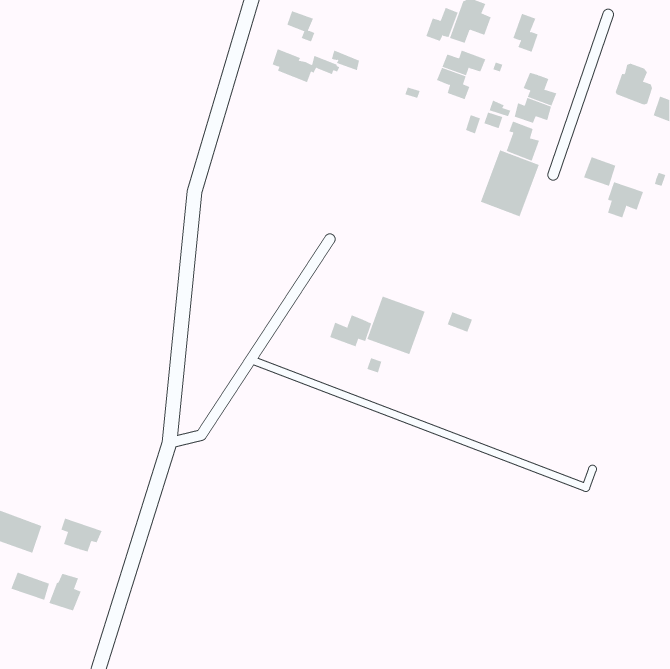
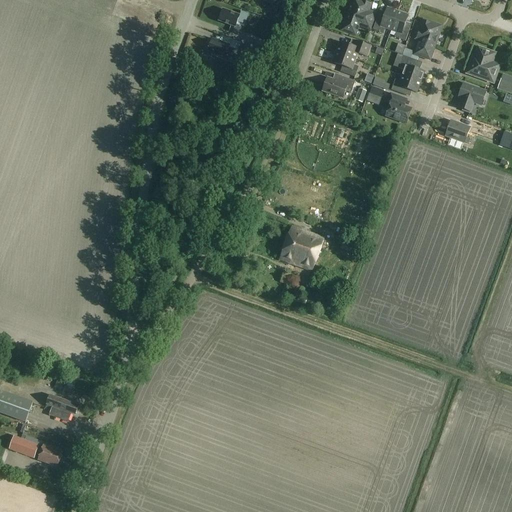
building: [426,7,458,41] -> [372,6,397,32]
building: none -> [415,19,439,58]
building: none -> [322,75,354,97]
building: [480,150,540,217] -> none
building: [607,181,644,218] -> [455,82,483,110]
building: [329,315,372,347] -> none

